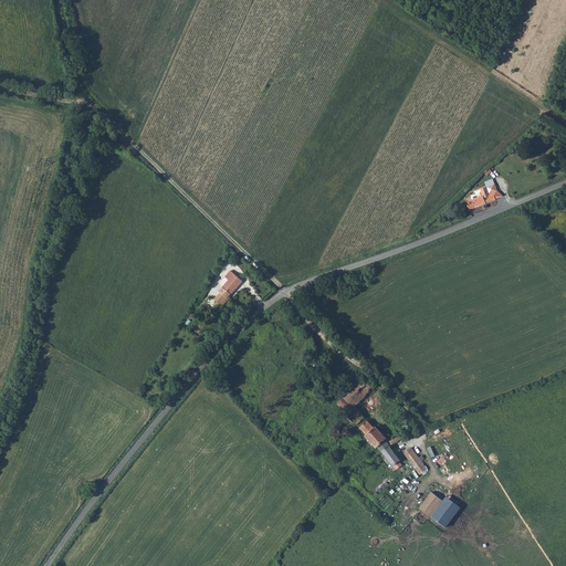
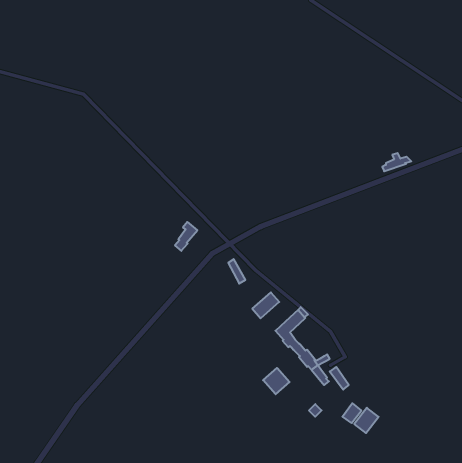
building: none -> [252,292,279,318]
building: none -> [263,368,290,394]

